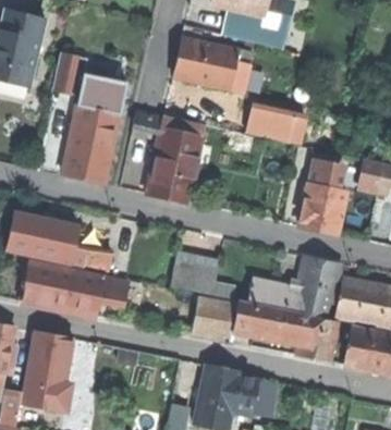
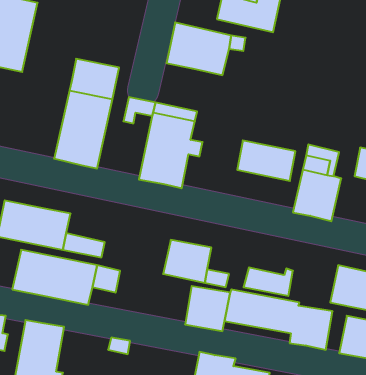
building: [52,52,87,95] -> none
building: [247,105,305,145] -> [237,140,295,181]
building: [294,256,341,315] -> none

